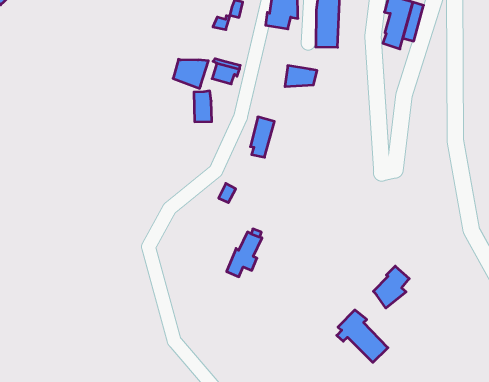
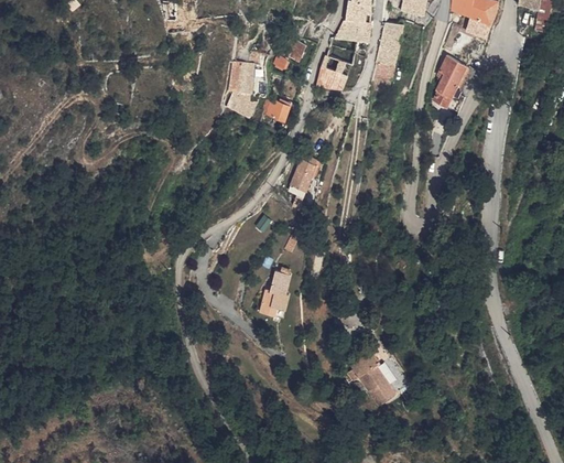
building: [285,66,317,87] -> [317,68,350,90]
building: [194,91,212,122] -> [237,62,256,93]
building: [373,266,409,308] -> none

